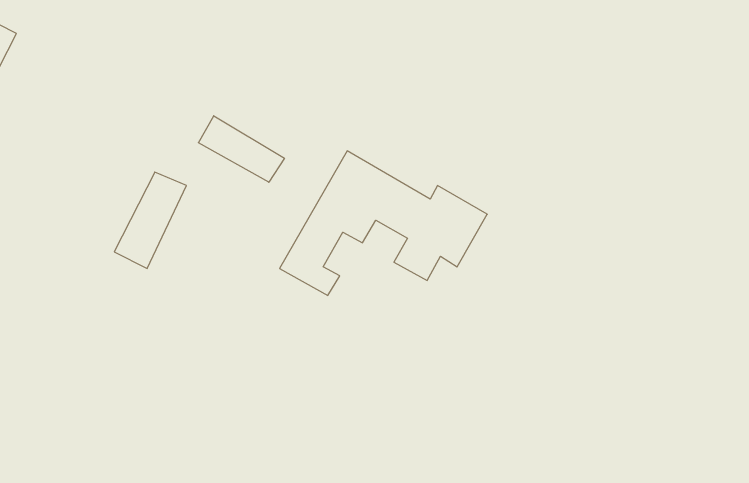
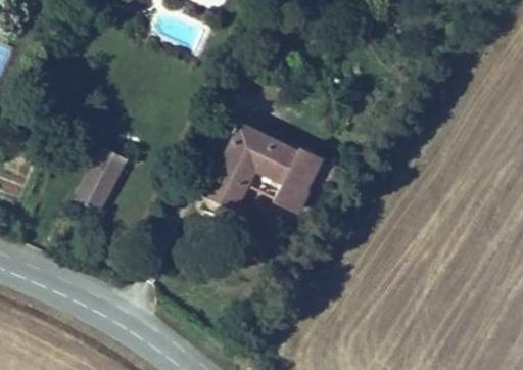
building: [198,116,284,182] -> none

